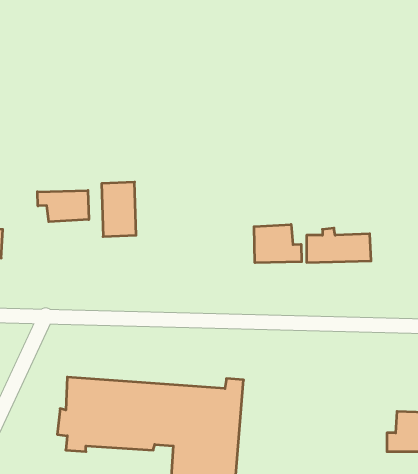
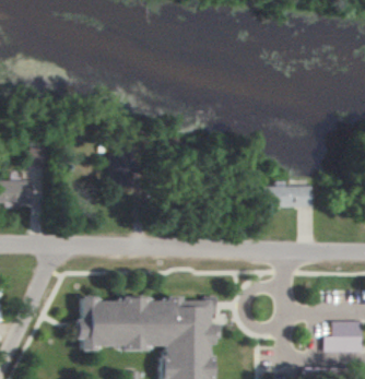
building: [37,190,89,222] -> none
building: [254,224,302,263] -> none

